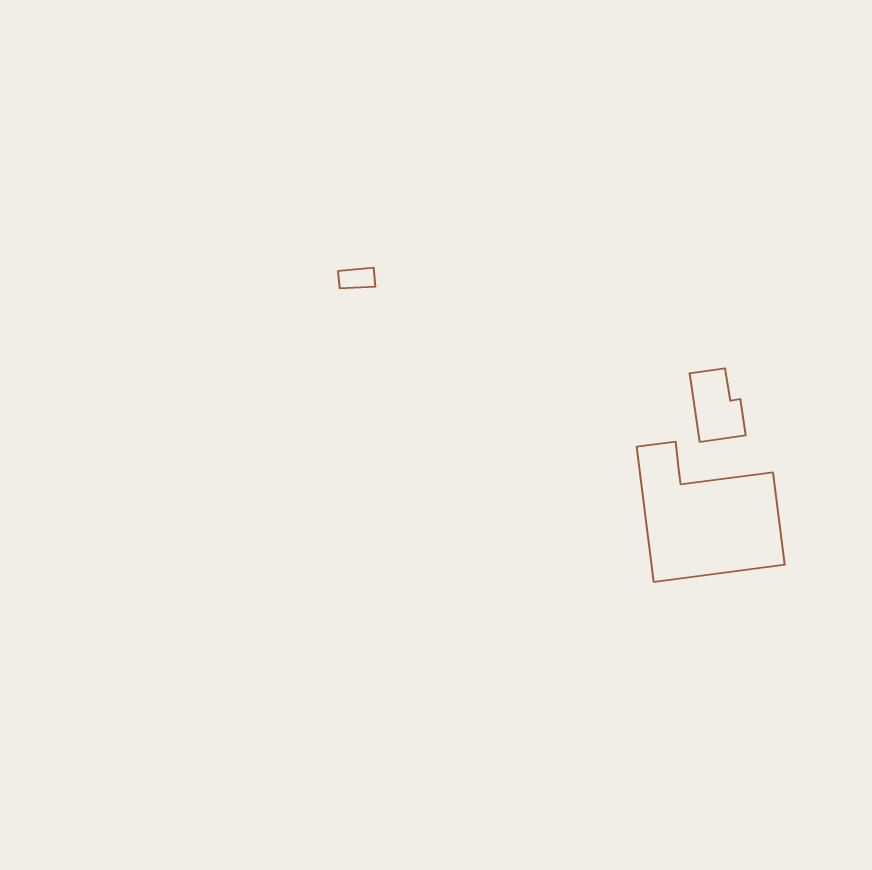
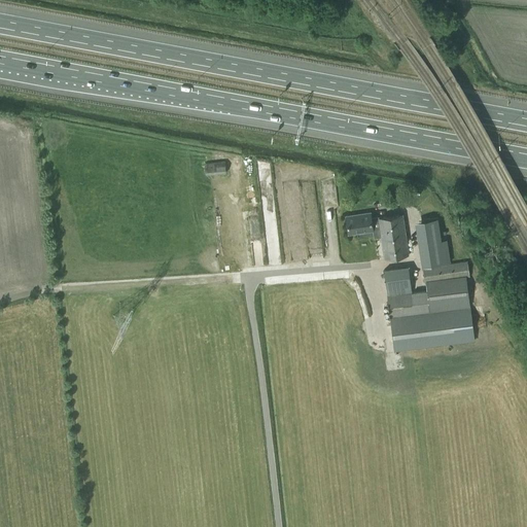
building: none -> [345,213,409,259]
building: none -> [422,262,469,285]

